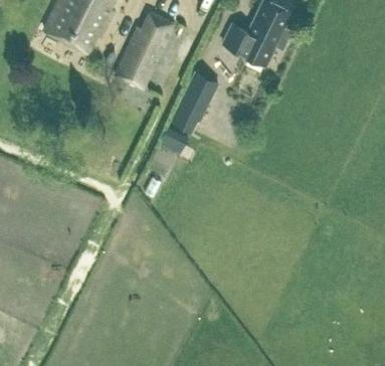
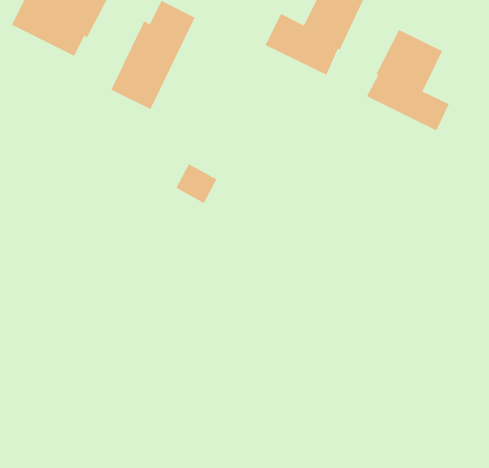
building: none -> [366,29,449,131]
building: [171,71,218,131] -> none

